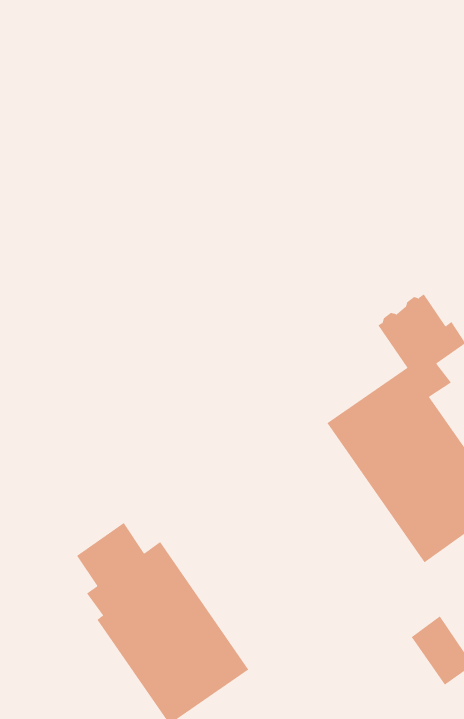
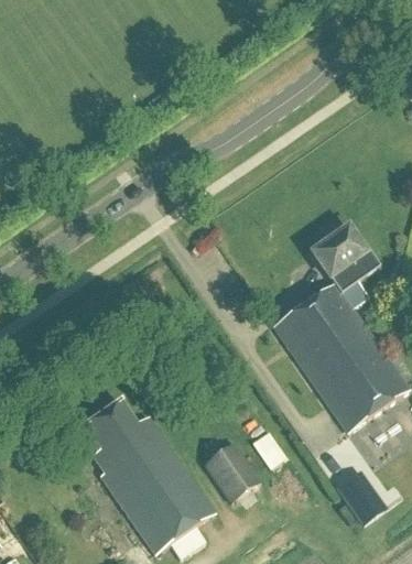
building: none -> [205,445,261,503]

